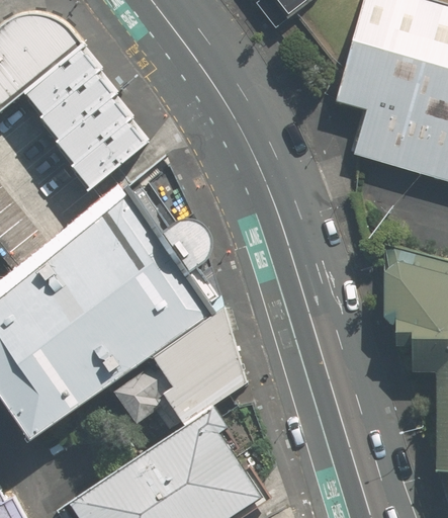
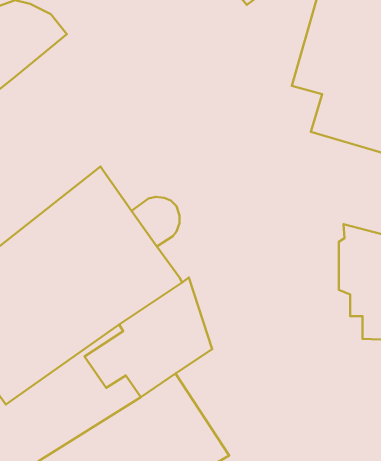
building: [31,45,153,188] -> none

